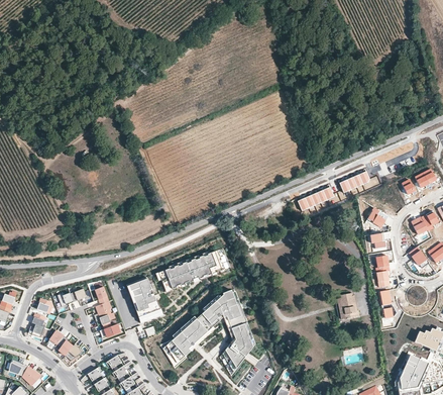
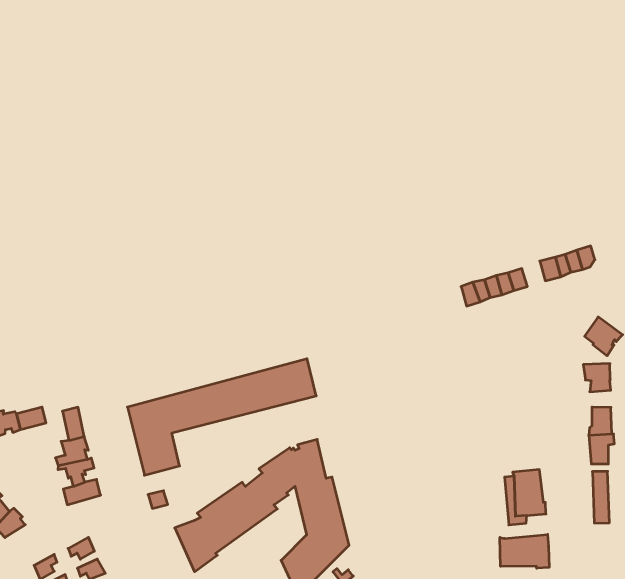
building: none -> [500,534,549,568]

